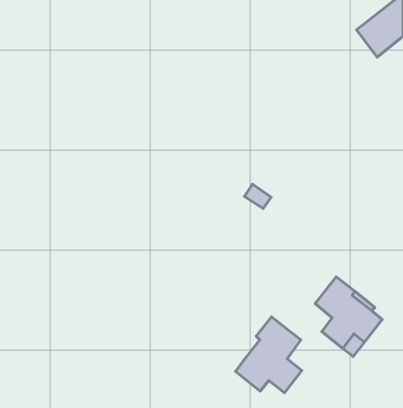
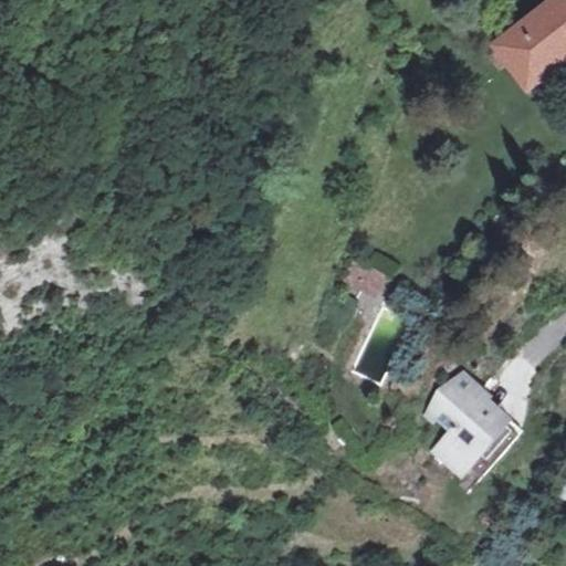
building: [236,317,302,393] -> none

